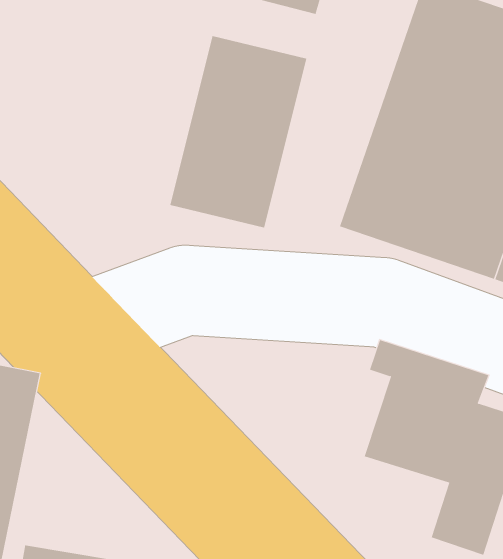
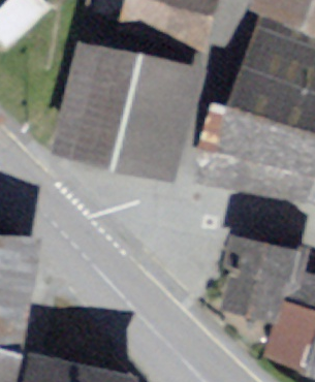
building: none -> [55,41,137,154]

